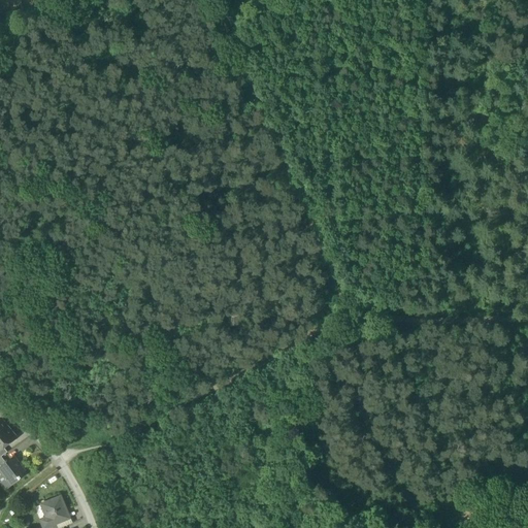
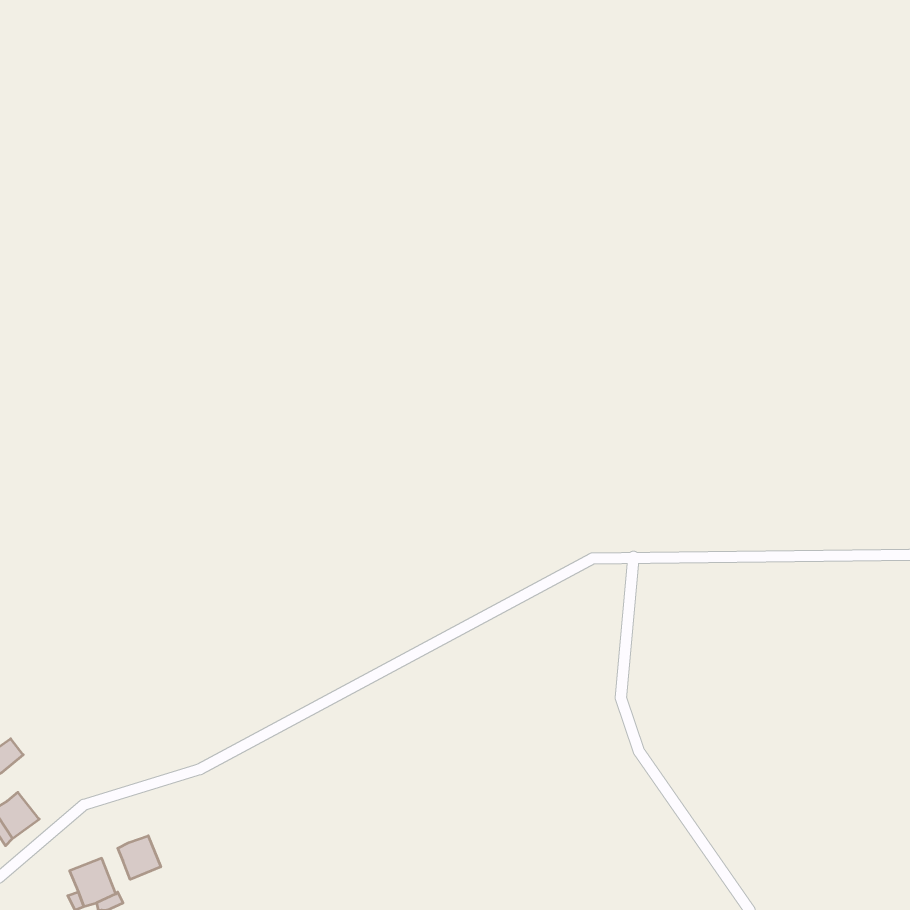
building: none -> [118,836,161,879]

